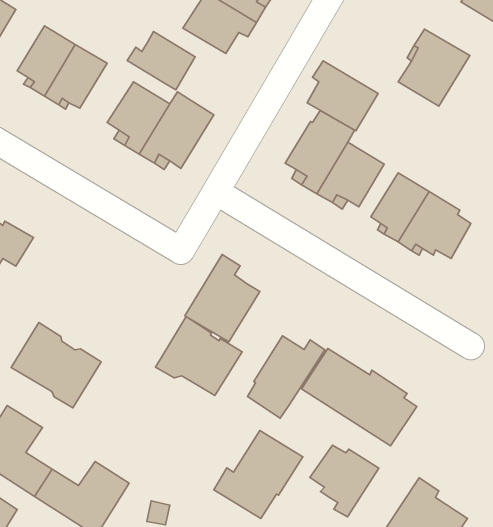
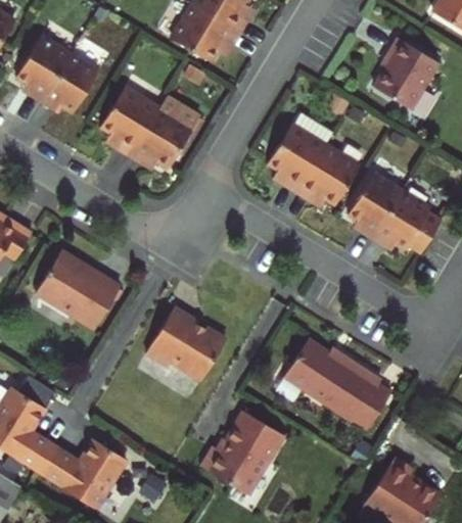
building: [127,31,195,90] -> none
building: [307,61,378,131] -> none
building: [185,255,260,342] -> none
building: [11,322,101,408] -> [37,249,121,329]
building: [247,336,325,418] -> none
building: [310,445,379,517] -> none

